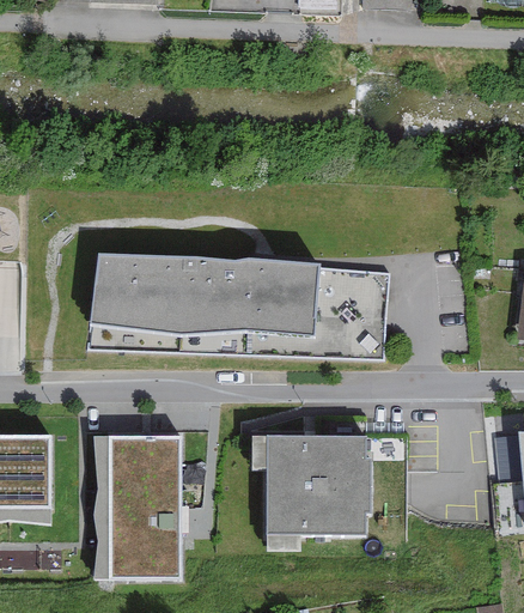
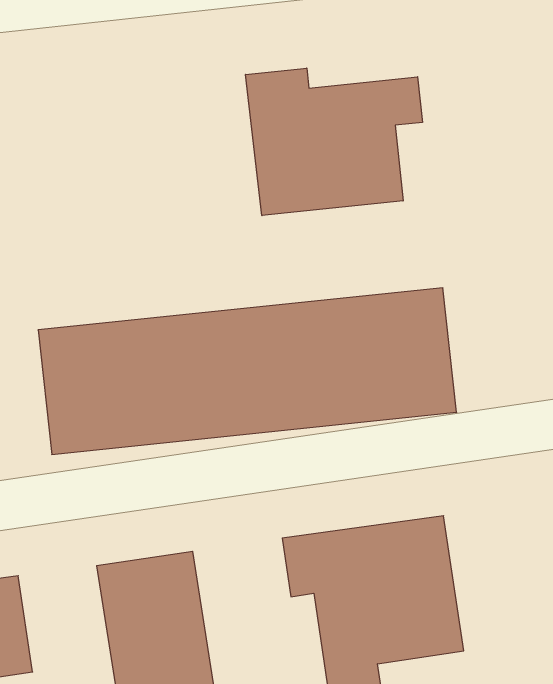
building: none -> [246,68,422,216]

